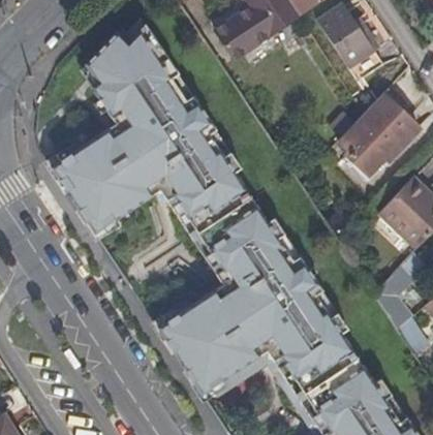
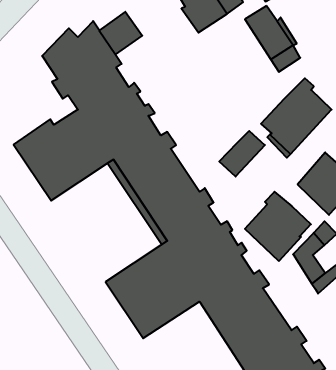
building: [215,11,265,61] -> [99,12,142,55]
building: none -> [219,131,265,177]
building: none -> [245,192,311,261]

